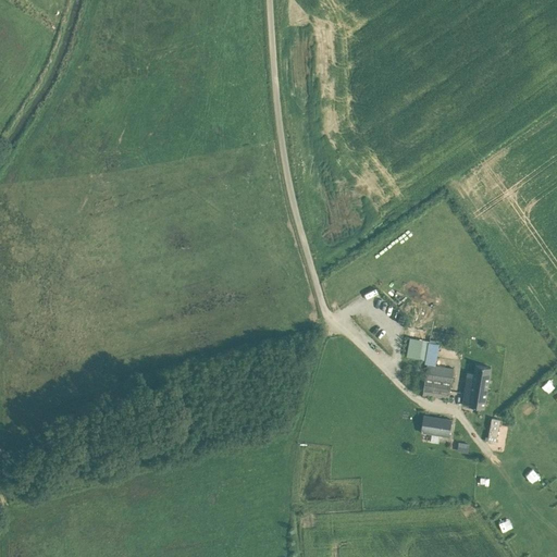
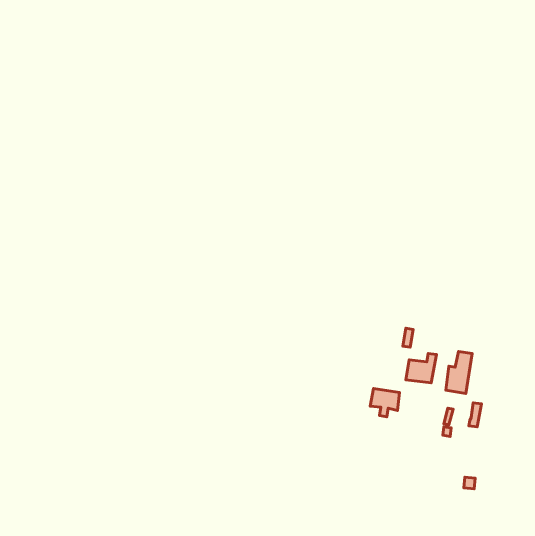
building: [420,413,450,443] -> [370,388,400,417]

